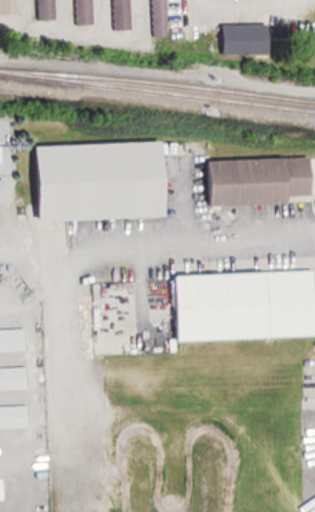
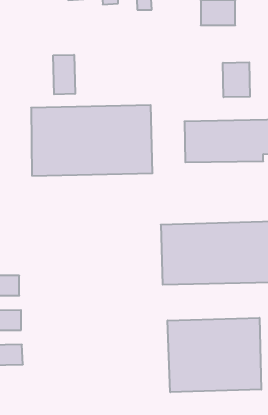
building: none -> [53,55,75,94]
building: none -> [223,62,250,97]
building: none -> [168,318,261,392]

